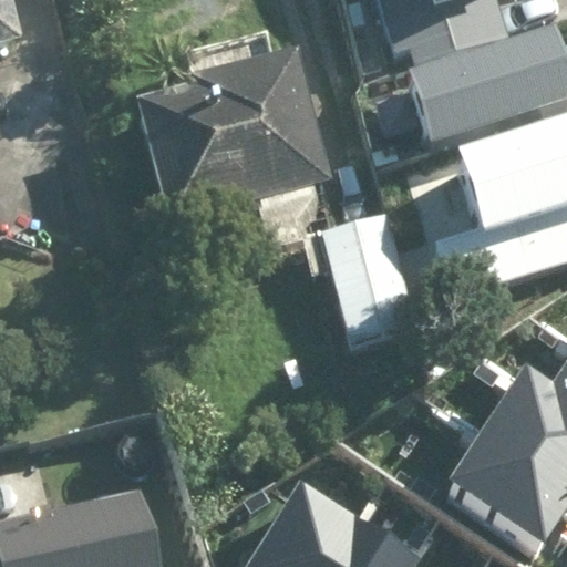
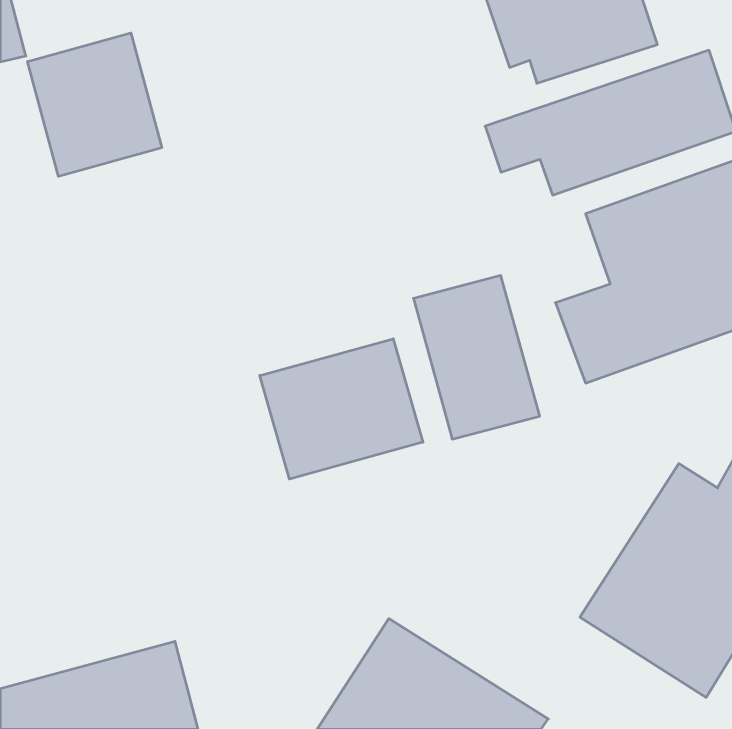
building: none -> [28,33,162,176]
building: [135,58,329,219] -> none
building: none -> [260,339,423,479]

